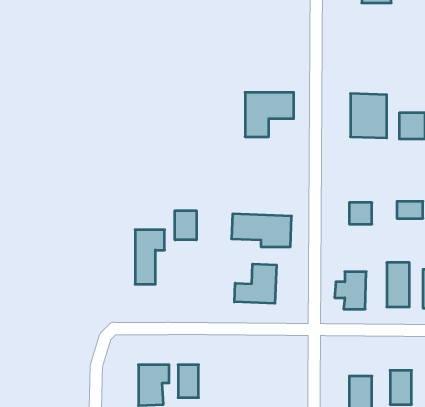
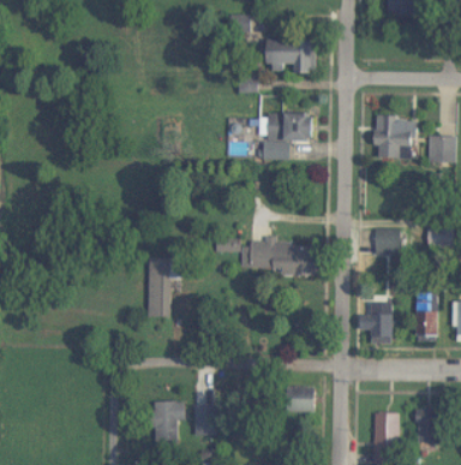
building: none -> [264,38,315,71]
building: [175,211,196,240] -> none
building: [234,264,276,303] -> none
building: none -> [291,387,316,412]

